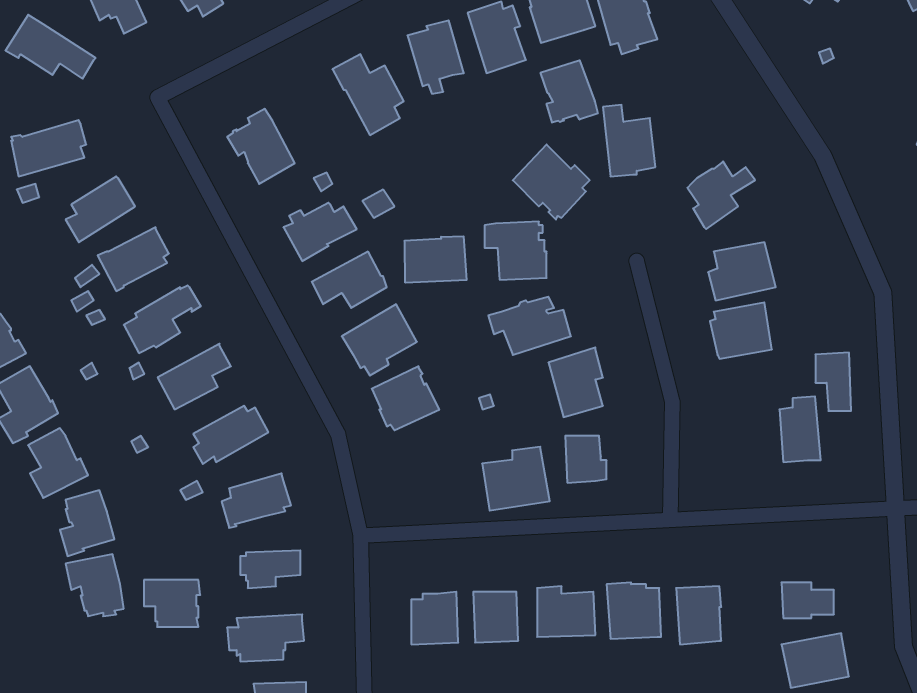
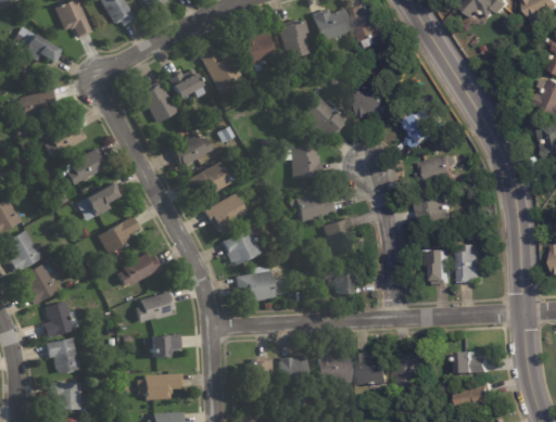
building: [541,60,598,123] -> none
building: none -> [169,69,205,98]
building: [405,236,467,283] -> none
building: [815,353,851,411] -> [428,252,448,285]
building: [482,447,550,511] -> [235,267,274,304]
building: [144,580,200,627] -> [49,382,81,409]

